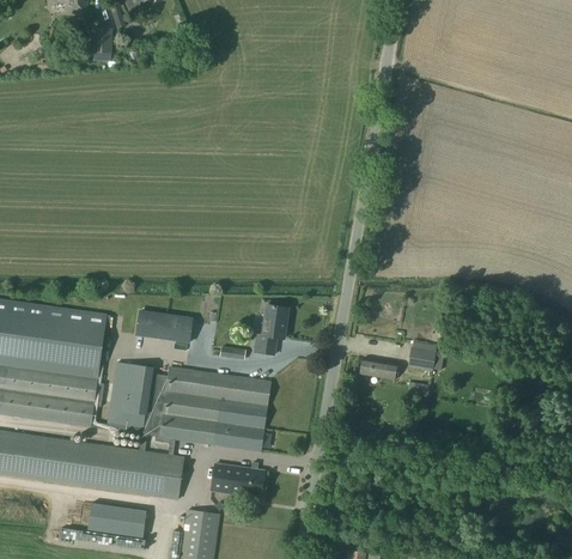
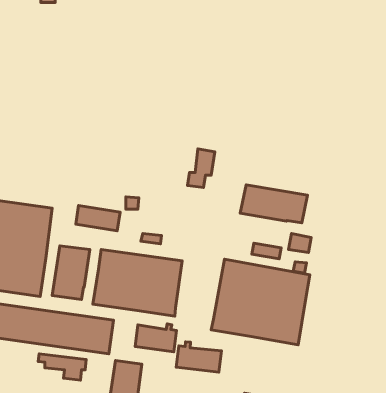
building: none -> [240,185,307,223]
building: [252,304,287,353] -> [188,149,215,187]
building: none -> [211,259,310,345]
building: none -> [176,342,222,372]

